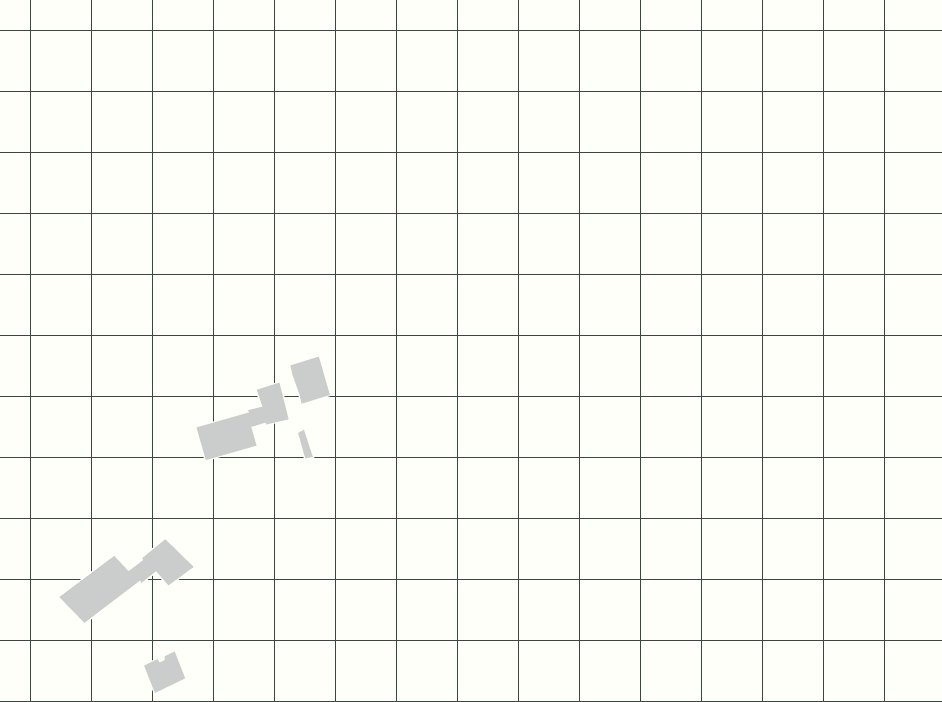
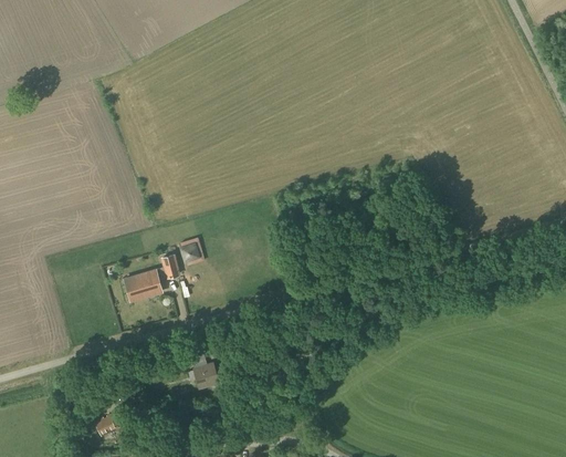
building: [58,538,195,624] -> none
building: none -> [192,362,219,390]

